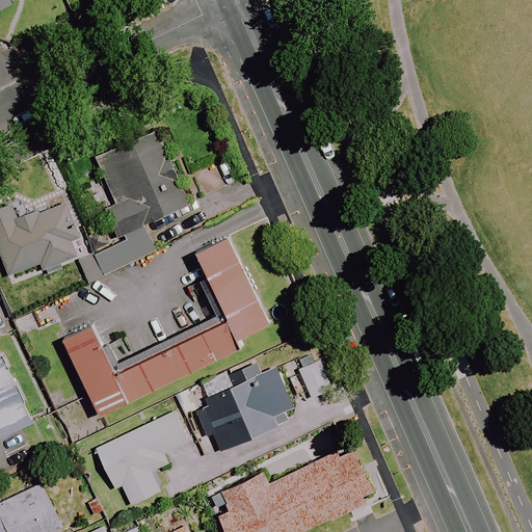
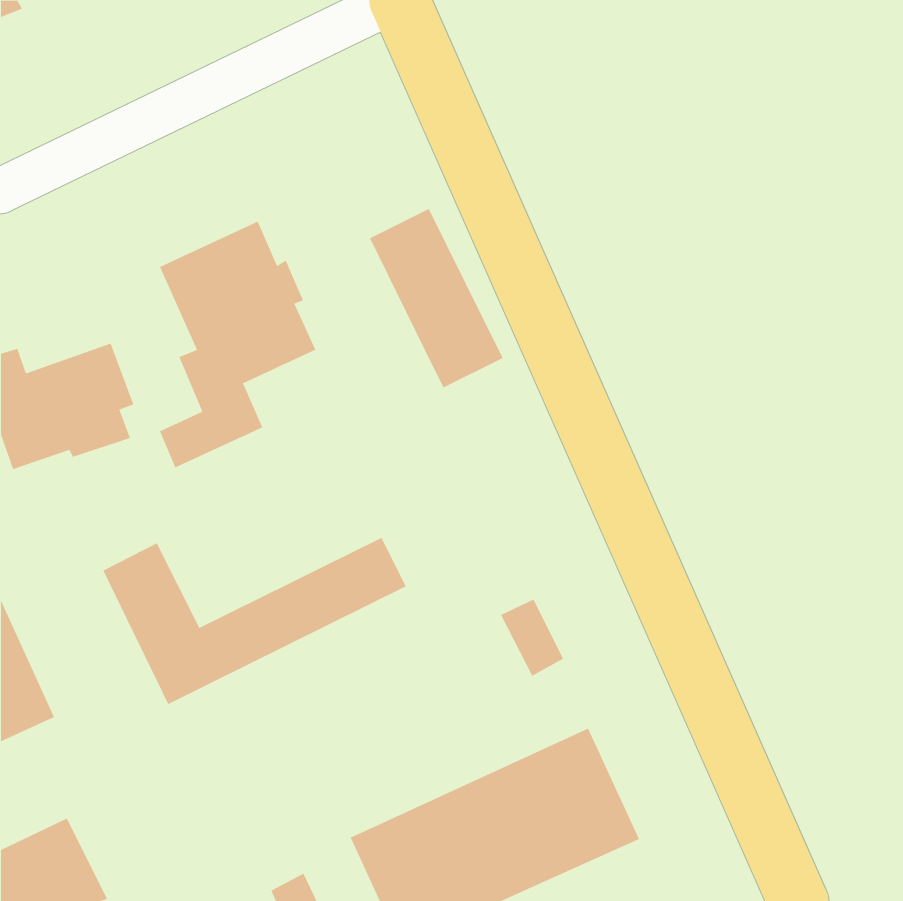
building: [192,234,271,340] -> [369,208,503,388]
building: [194,364,293,453] -> none
building: [96,413,189,506] -> none

